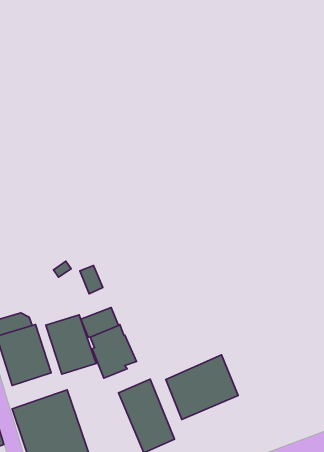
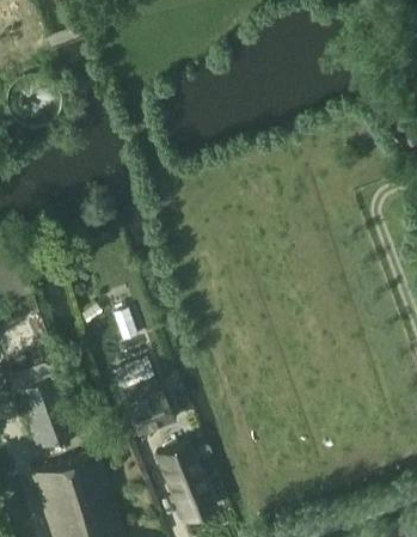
building: [46,315,96,374] -> none
building: [166,355,238,419] -> none

